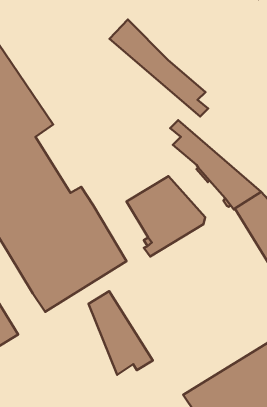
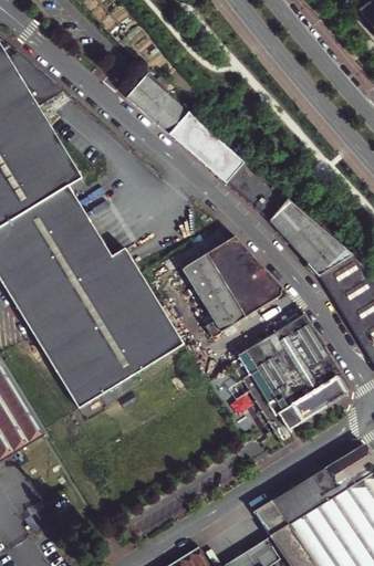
building: [109,19,208,117] -> [125,73,250,196]
building: none -> [230,314,349,441]
building: [88,291,153,375] -> none

